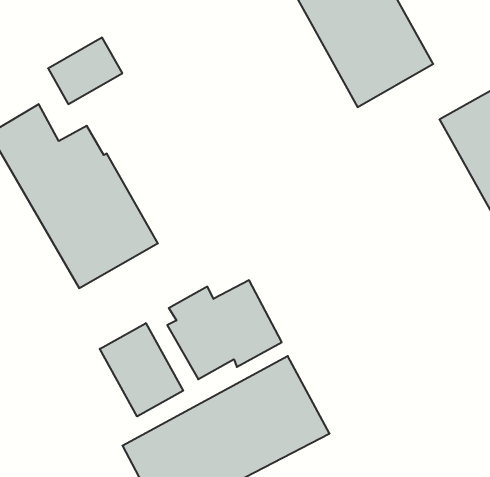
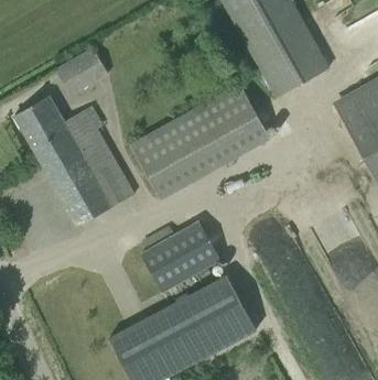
building: none -> [130,83,270,200]
building: [100,323,183,416] -> none

